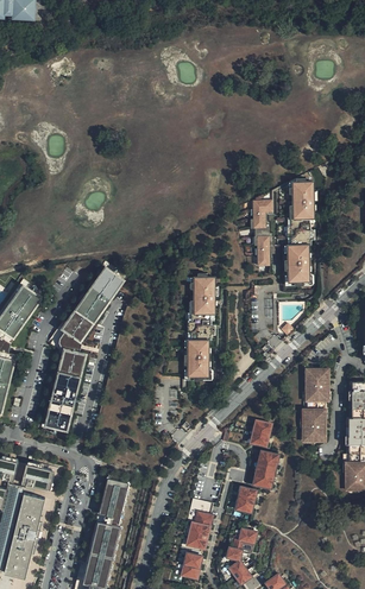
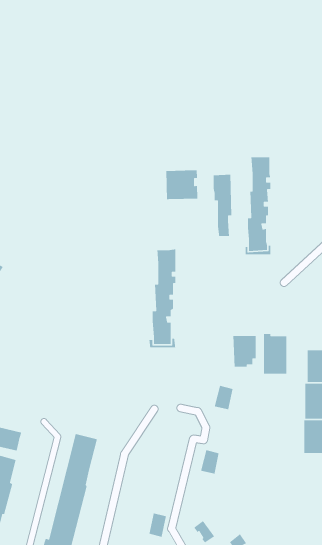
building: none -> [166,169,198,200]
building: [45,264,122,431] -> none
building: [300,408,325,442] -> [233,335,257,367]
building: [257,450,281,487] -> none
building: [190,511,214,547] -> none
building: [228,527,258,559] -> none

